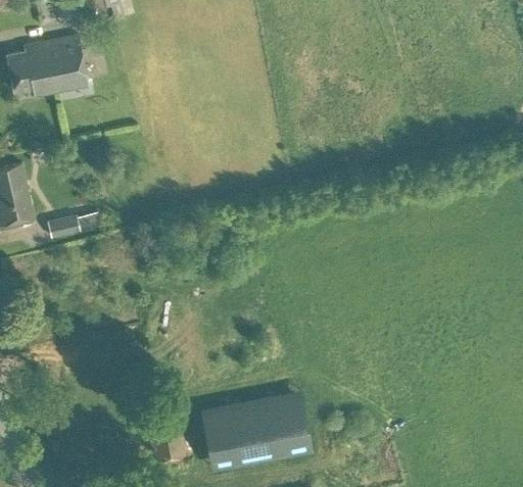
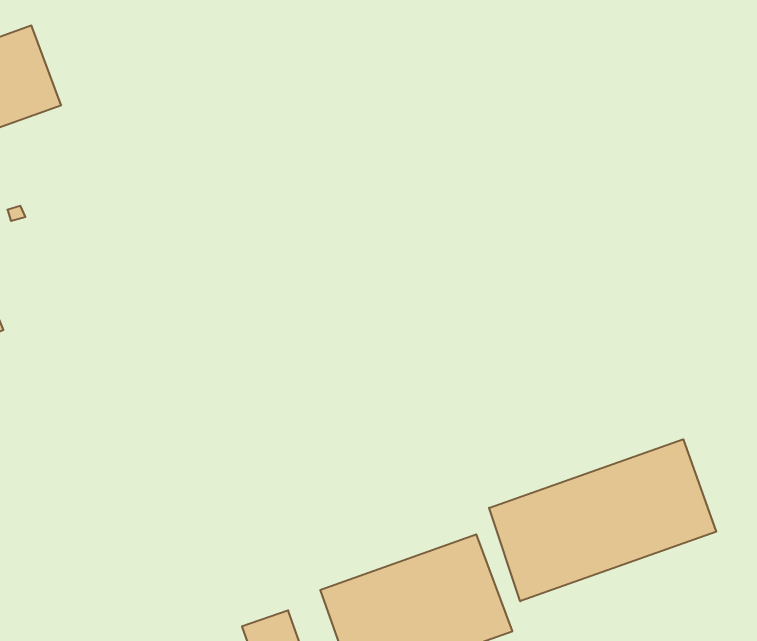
building: [47,212,99,238] -> none
building: none -> [489,439,716,601]

